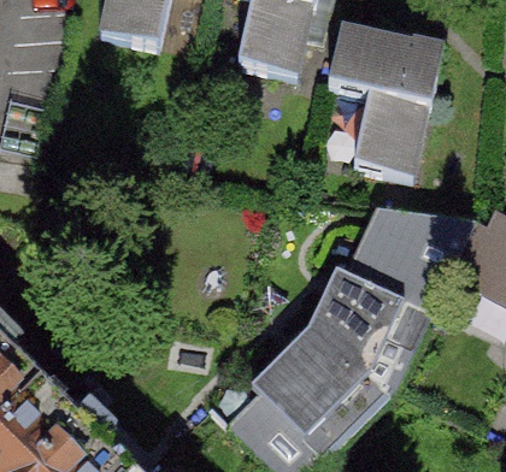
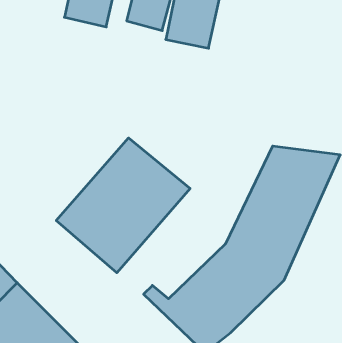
building: [329,24,443,173] -> none
building: none -> [56,138,190,273]

